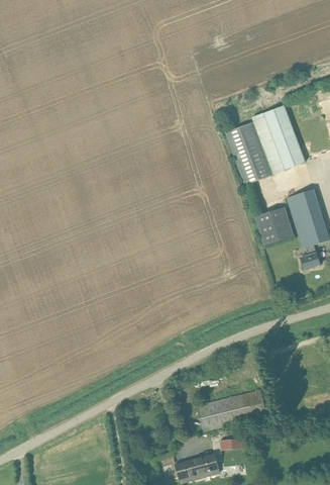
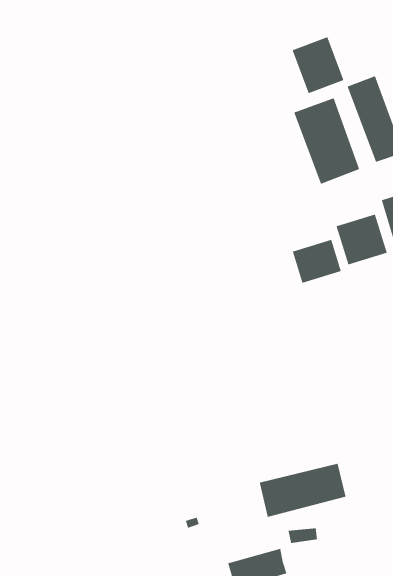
building: none -> [292,36,345,94]
building: none -> [292,239,342,284]

